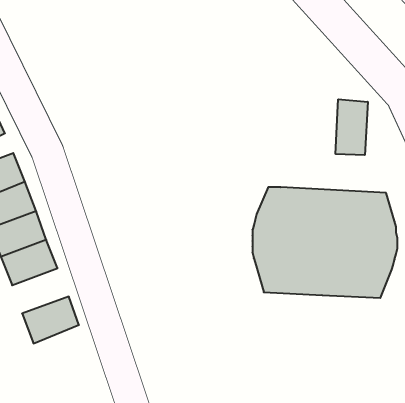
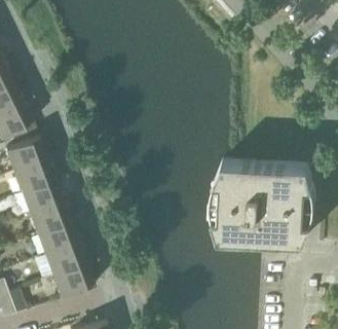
building: [336,99,368,155] -> none
building: none -> [38,219,79,252]
building: none -> [53,260,95,295]

